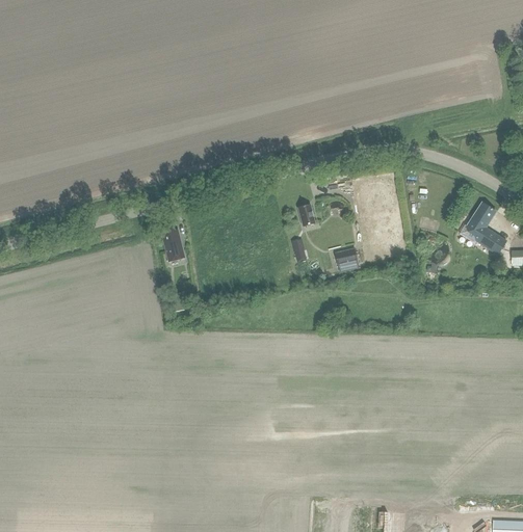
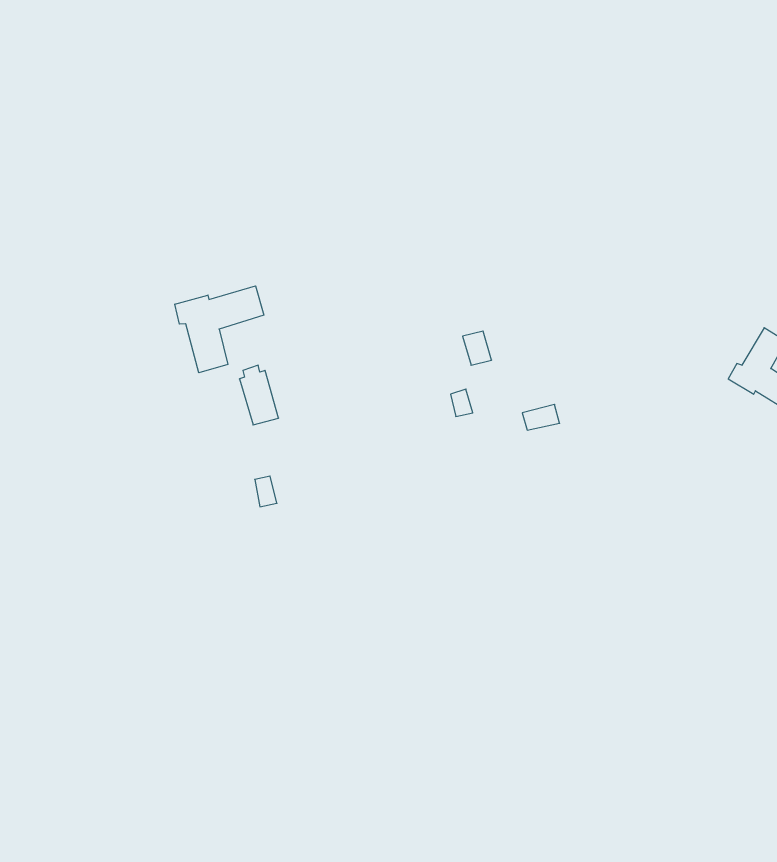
building: none -> [175,286,264,373]

